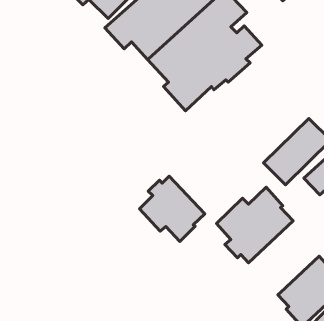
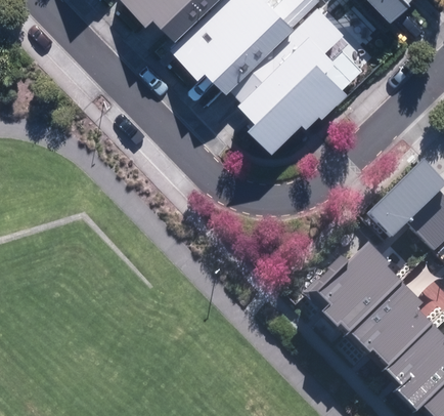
building: [140,176,205,241] -> none
building: none -> [347,287,433,374]

